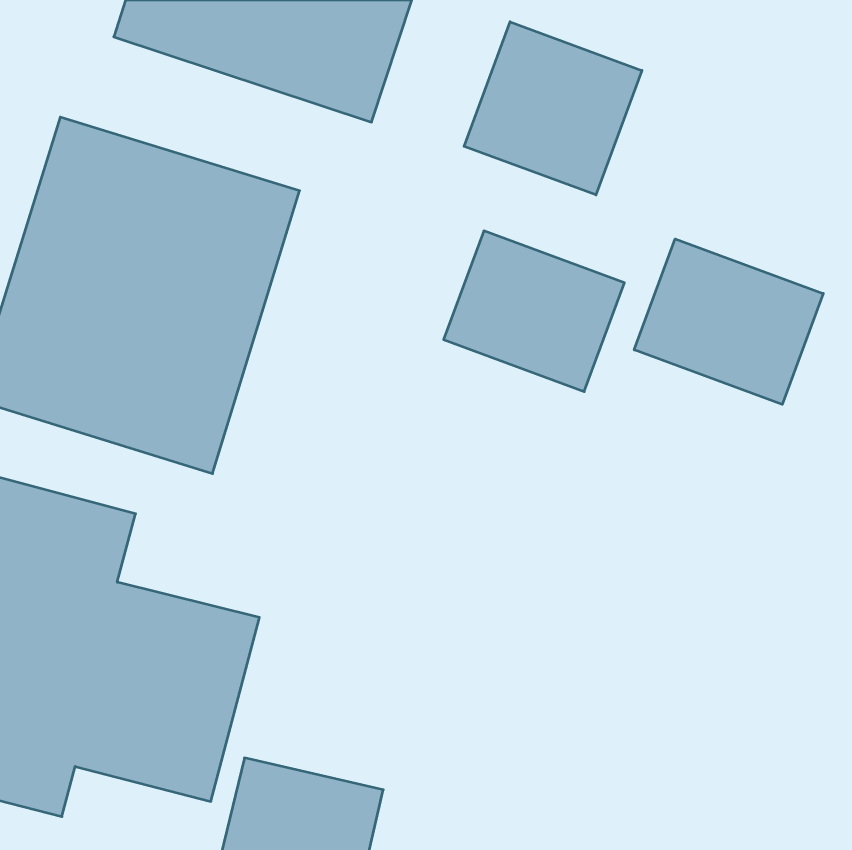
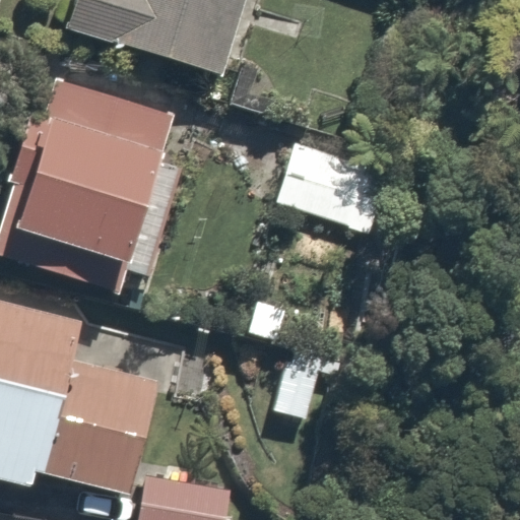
building: [464,22,642,195] -> none
building: [634,239,823,404] -> none

